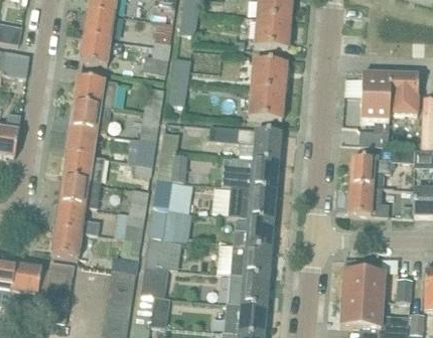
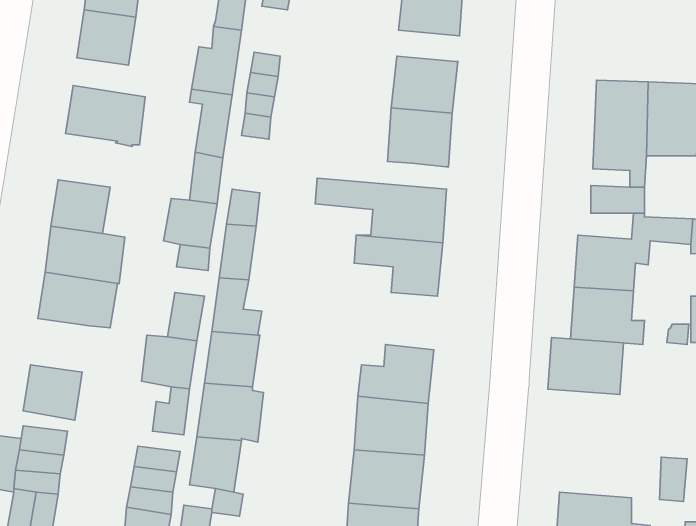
building: [69,101,110,132] -> none
building: [229,185,276,218] -> none
building: [54,201,99,232] -> none
building: [342,268,384,299] -> [548,337,624,395]

